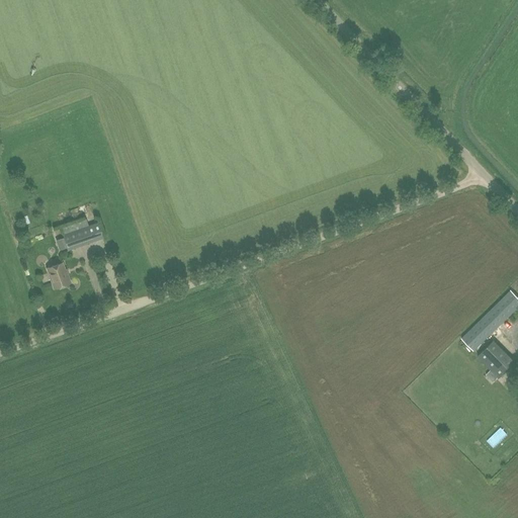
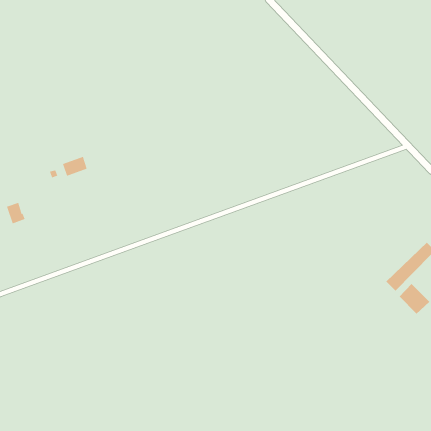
building: [64,225,94,249] -> [62,156,88,176]
building: [48,261,71,287] -> [6,202,26,224]

